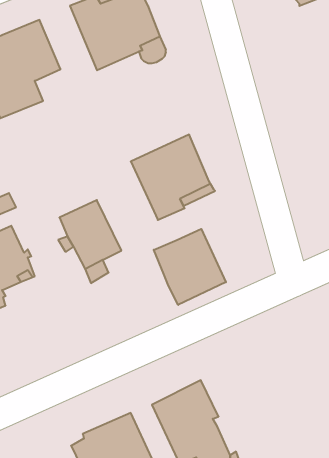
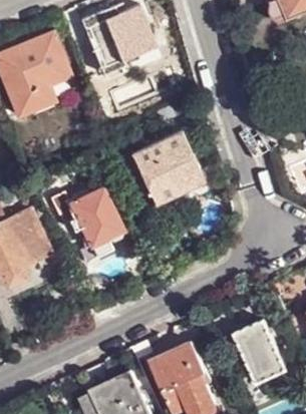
building: [154,229,226,305] -> none
building: none -> [235,319,288,382]

